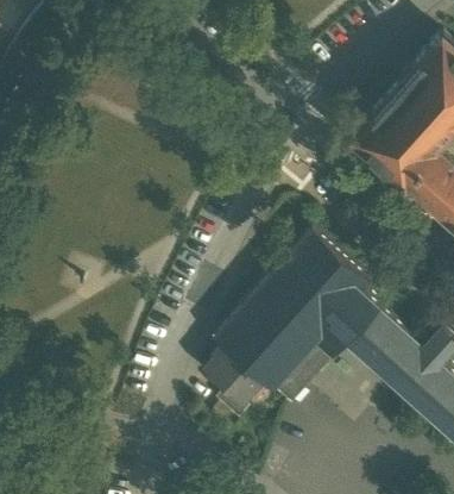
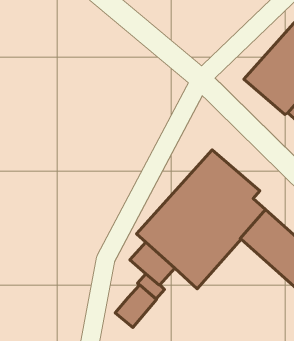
building: none -> [115,285,157,328]

